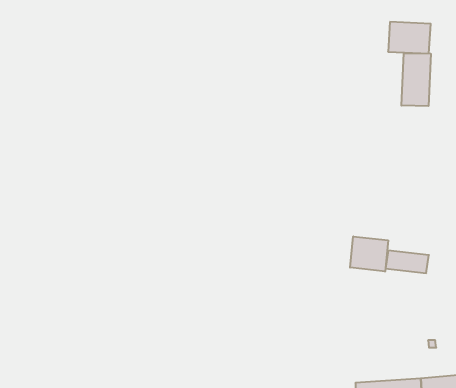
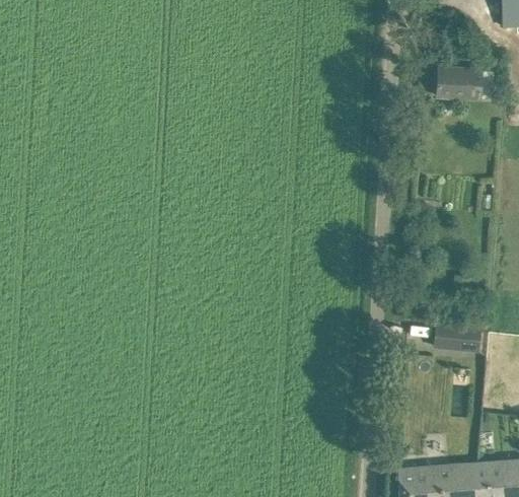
building: [401,53,431,106] -> none
building: [350,236,388,272] -> none

